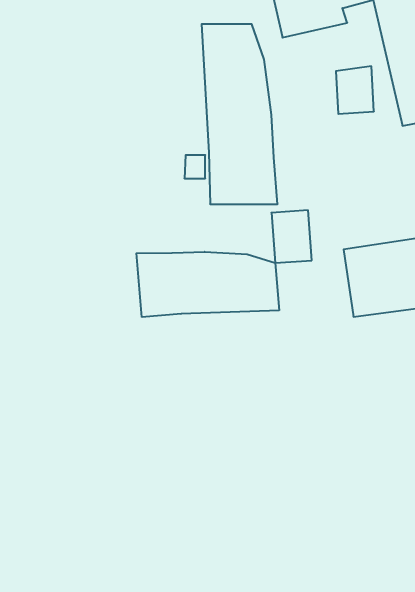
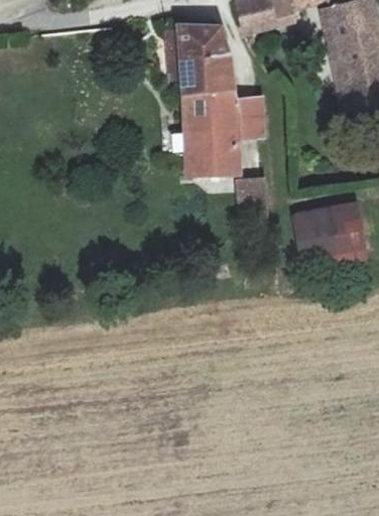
building: [336,66,374,114] -> [235,94,266,133]
building: [136,252,279,317] -> none

